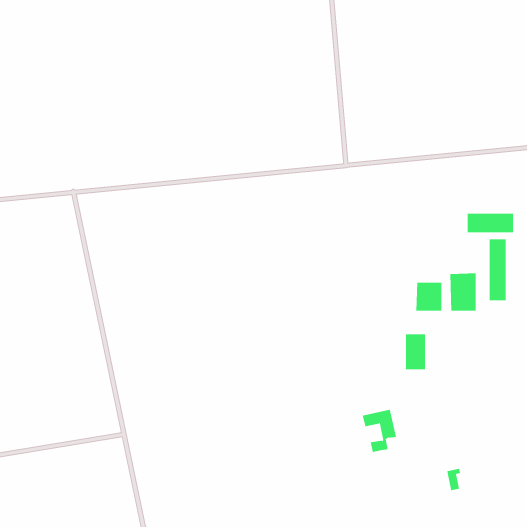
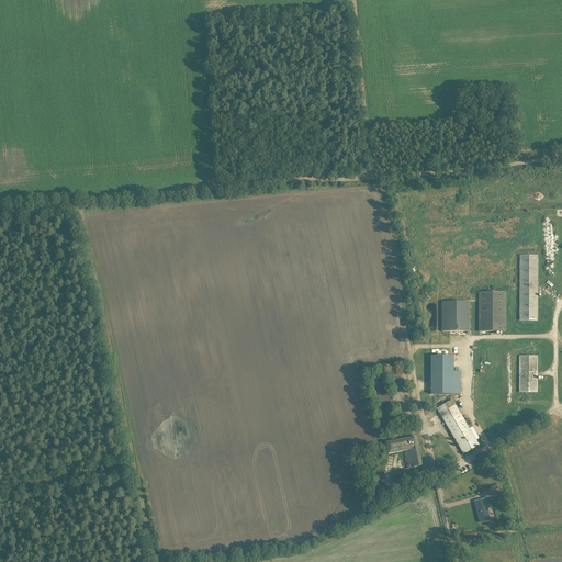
building: [467,213,513,233] -> none
building: none -> [518,355,538,391]
building: none -> [438,398,480,453]

